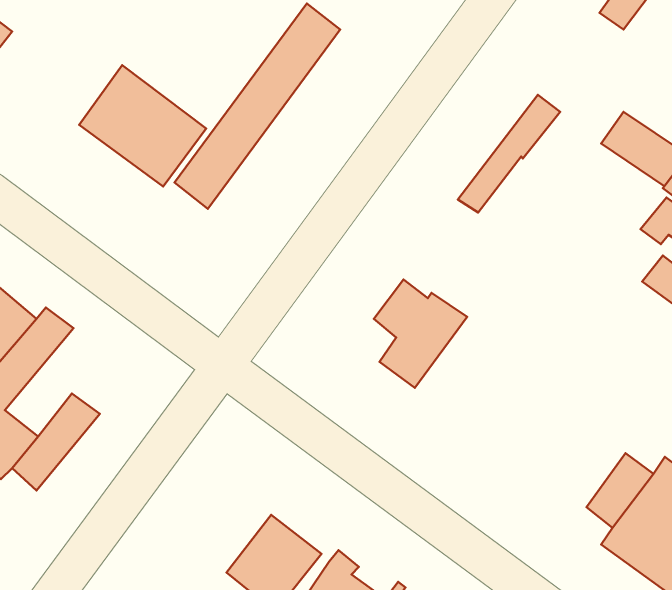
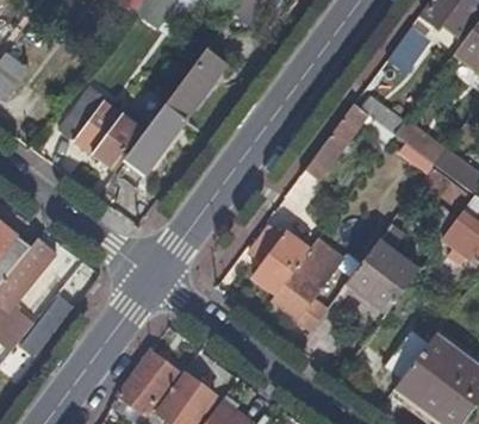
building: none -> [268,235,342,331]
building: none -> [347,239,419,312]
building: none -> [116,350,176,413]

